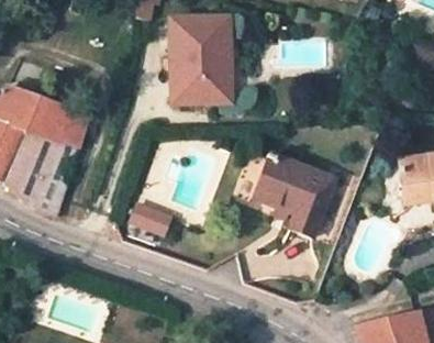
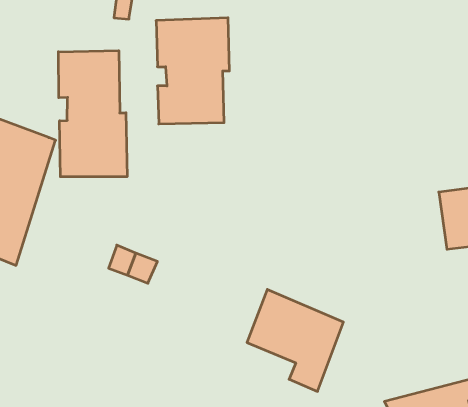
building: none -> [58,51,127,177]
building: [256,154,334,236] -> [247,289,343,391]

